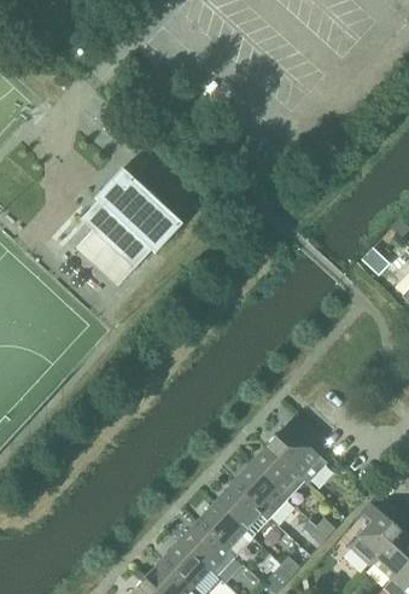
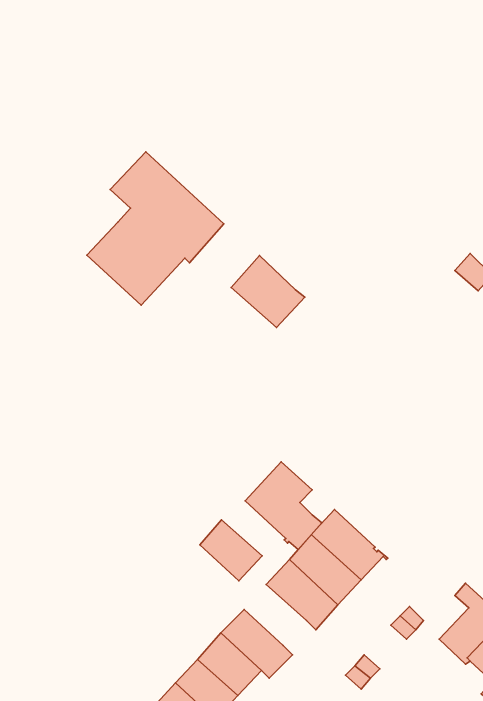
building: none -> [231,256,305,328]
building: [268,414,327,482] -> [245,462,322,549]
building: [198,502,246,549] -> [200,520,262,581]

